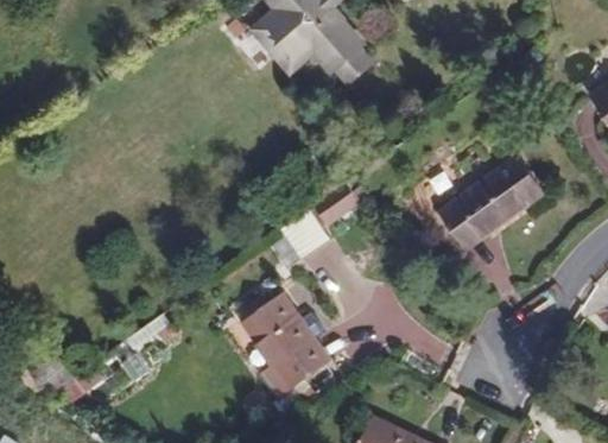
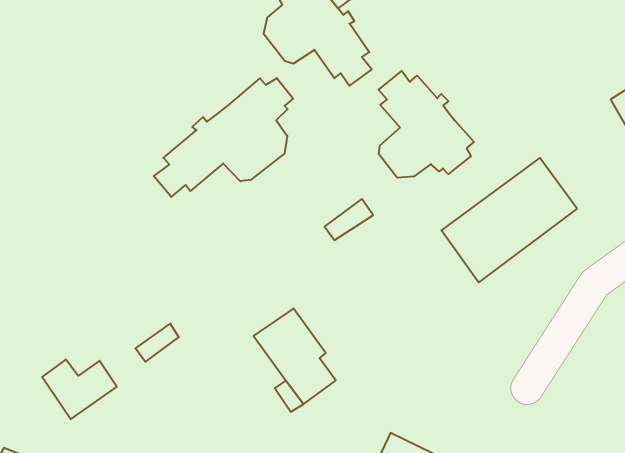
building: none -> [379,71,474,178]
building: none -> [154,78,293,197]

